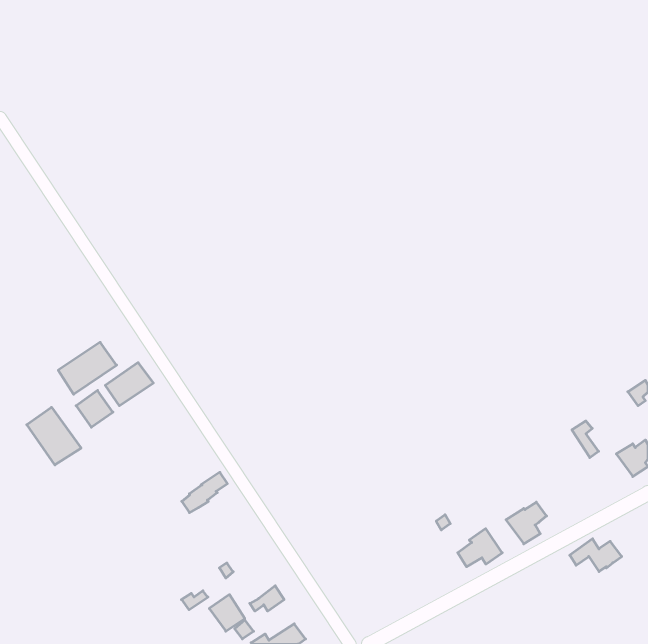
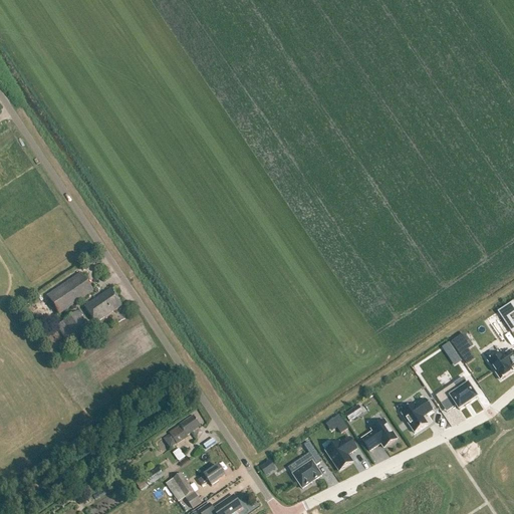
building: [27,407,81,465] -> none
building: [182,472,227,513] -> [164,414,200,446]
building: [570,539,622,572] -> [436,381,477,408]
building: none -> [326,437,356,470]
building: none -> [293,449,322,487]

